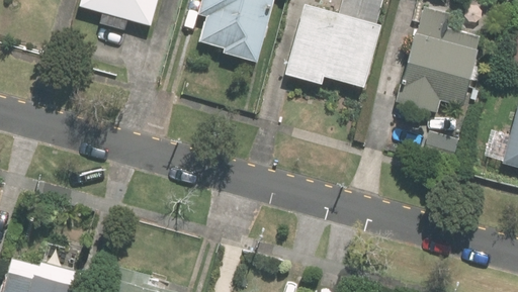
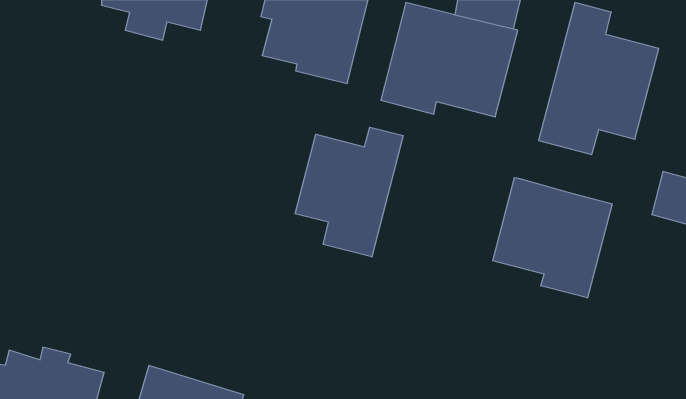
building: none -> [295,127,403,257]
building: none -> [493,178,612,298]

